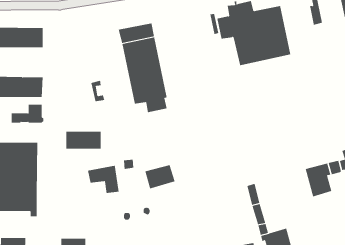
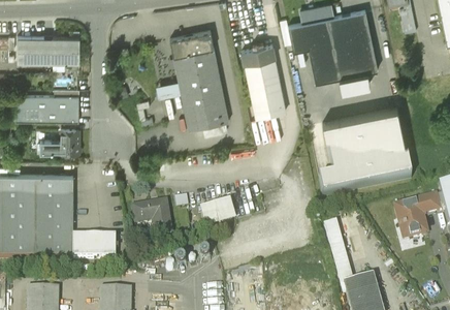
building: none -> [242,42,285,110]
building: none -> [319,105,412,193]
building: [65,131,101,149] -> [72,235,116,256]

